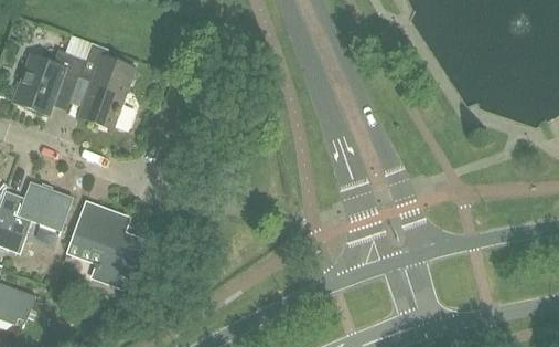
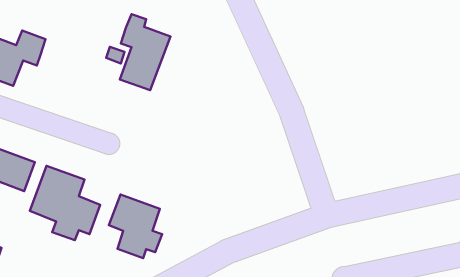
building: [78,42,136,128] -> [120,14,171,90]
building: none -> [109,194,162,258]

